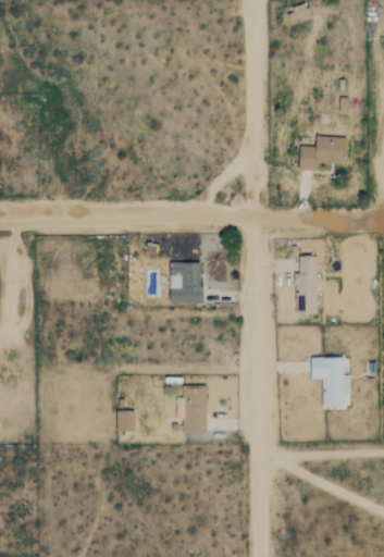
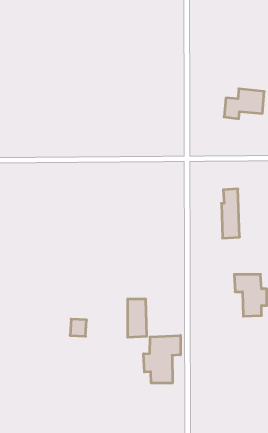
building: [171,262,202,304] -> none
building: none -> [144,335,180,383]

